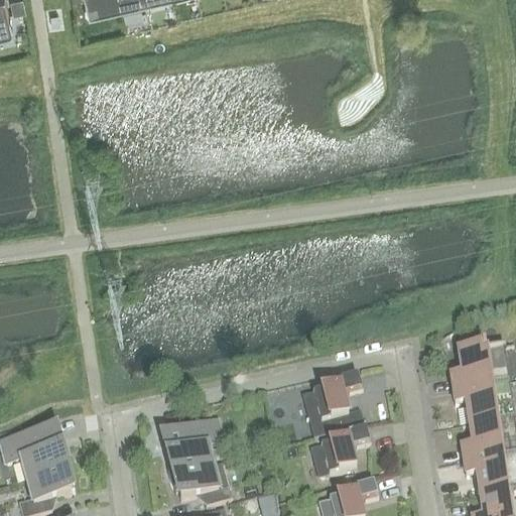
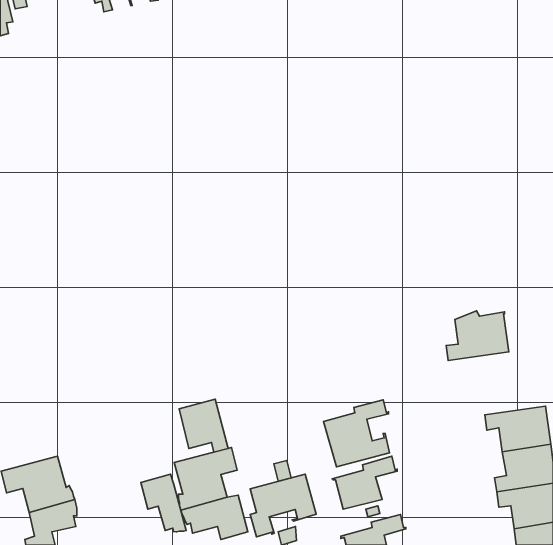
building: [449,340,508,386] -> [446,311,509,361]
building: none -> [179,399,228,452]
building: none -> [141,474,186,532]
building: none -> [250,474,316,537]

